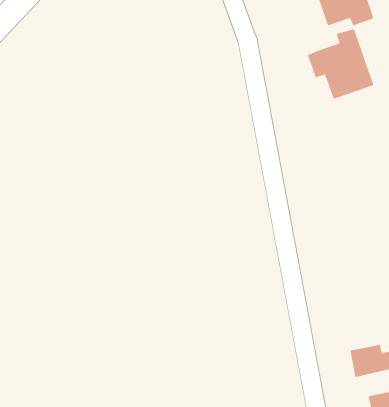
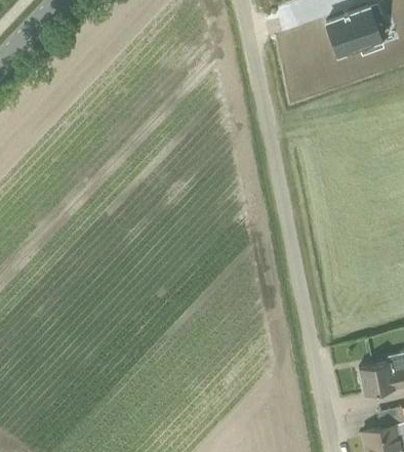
building: [307,28,374,100] -> none

